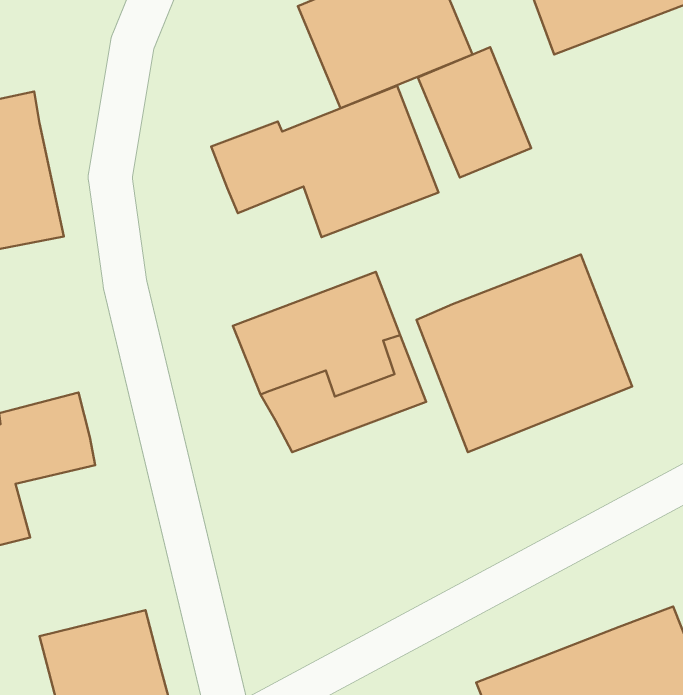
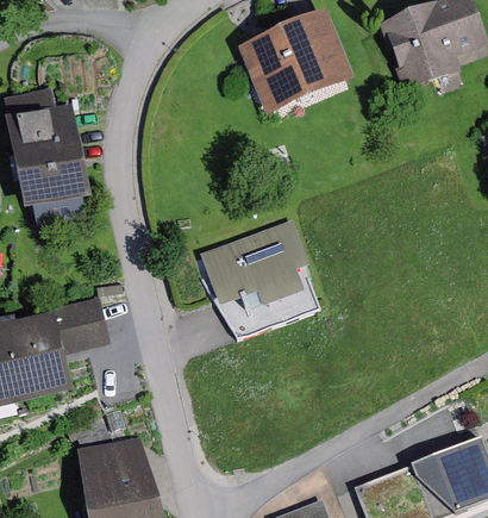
building: [418,47,531,177] -> none
building: [211,86,439,237] -> none
building: [416,254,632,452] -> none

